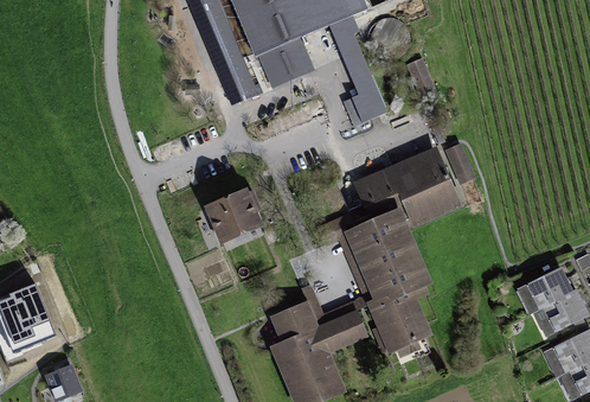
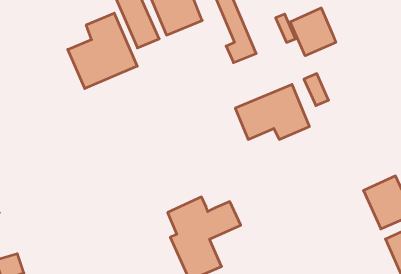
building: none -> [290,8,336,56]
building: none -> [68,13,137,89]
building: [205,189,259,243] -> none
building: [340,212,429,356] -> none

